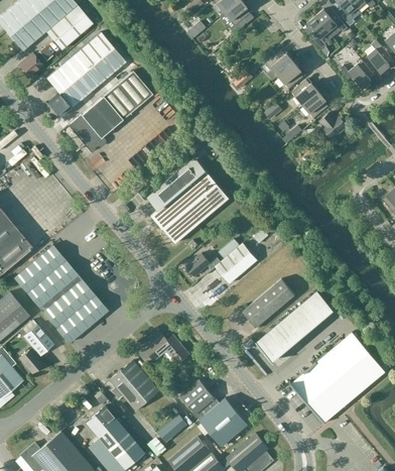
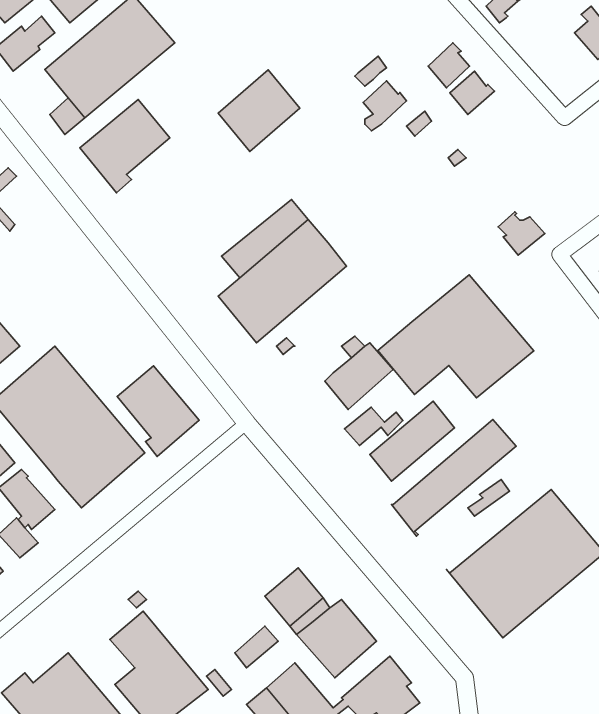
building: [267,49,293,80] -> [363,81,406,131]
building: [339,60,375,88] -> none
building: [103,70,152,119] -> [218,70,300,151]
building: [302,91,328,118] -> none
building: [319,112,348,138] -> [498,212,545,255]
building: none -> [378,275,534,398]
building: [185,253,221,276] -> [344,407,403,446]
building: none -> [117,366,199,456]
building: [145,336,188,364] -> none
building: [110,361,159,411] -> none

